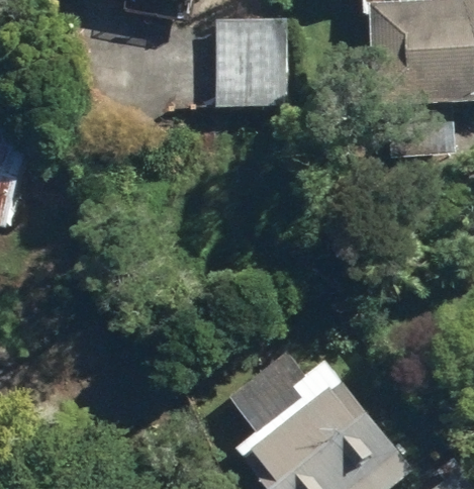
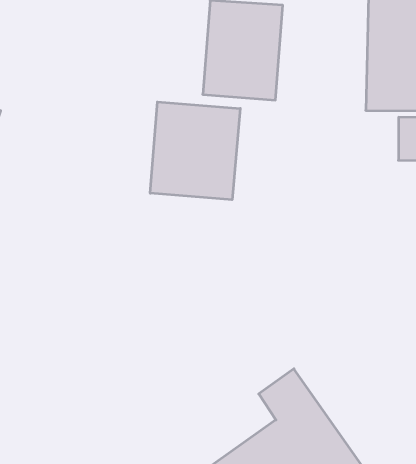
building: none -> [150,102,240,200]

